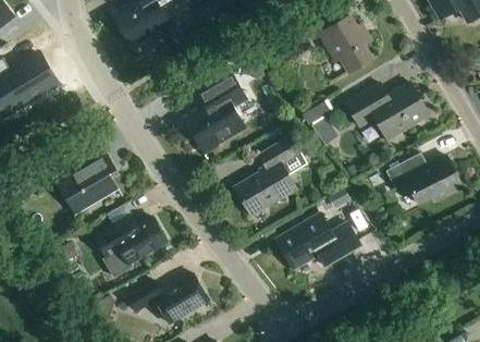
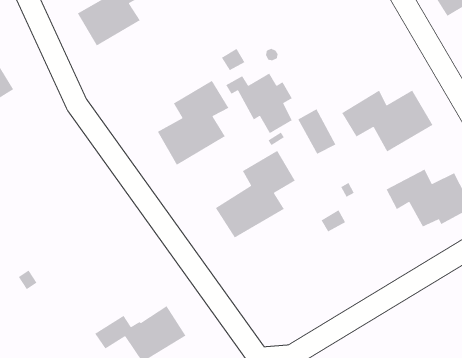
building: [309,16,369,71] -> [225,73,293,134]
building: [53,149,118,215] -> none
building: [275,212,360,269] -> none
building: [94,217,167,278] -> none

